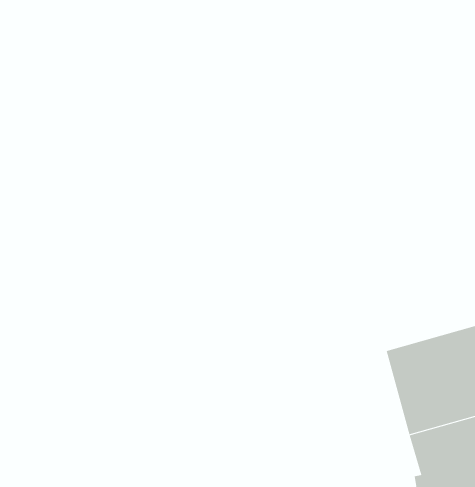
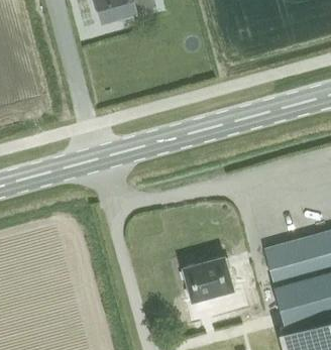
building: none -> [184,256,234,302]

